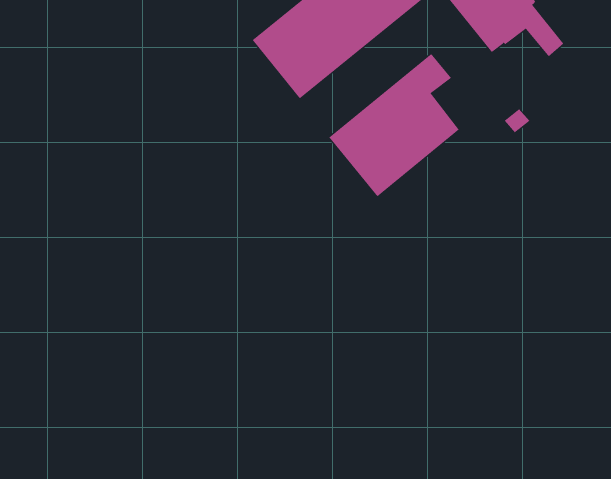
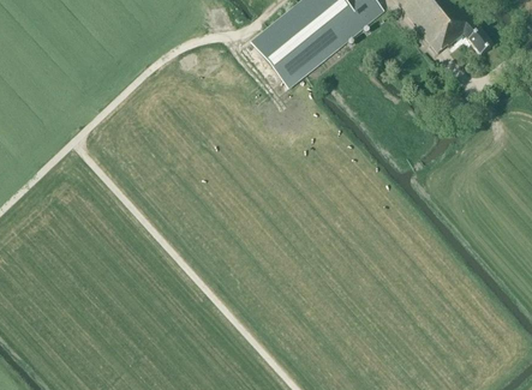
building: [328,53,460,197] -> none

